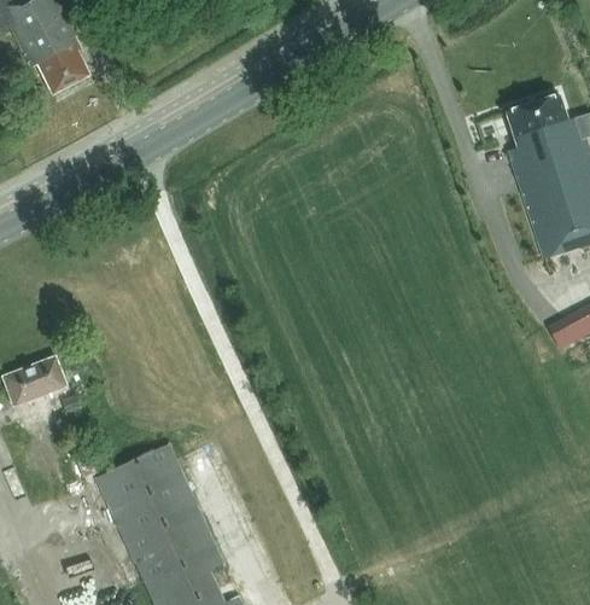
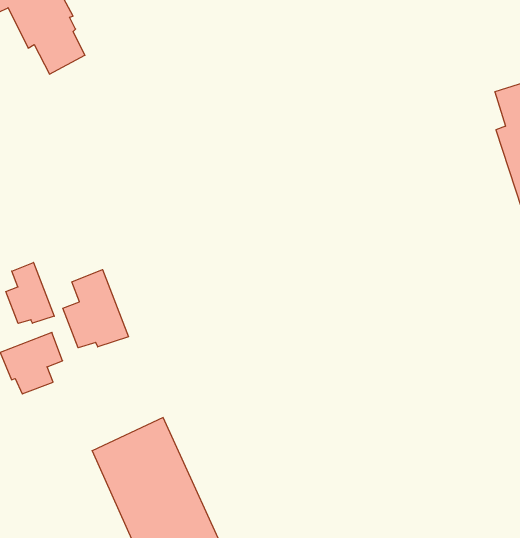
building: none -> [6,262,54,323]
building: none -> [63,270,129,348]

